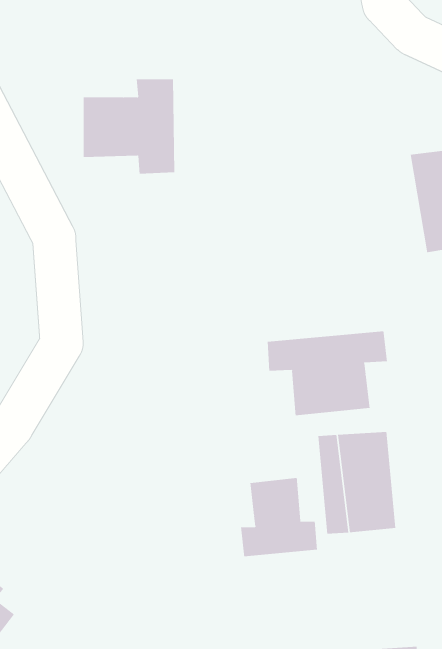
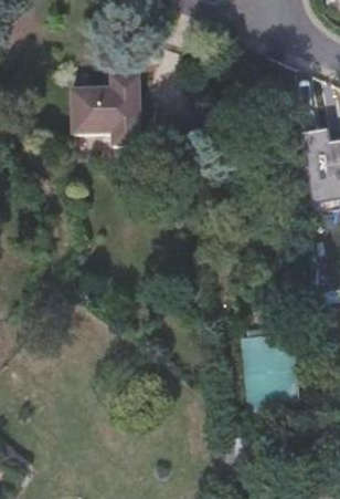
building: [267,330,387,416] -> none
building: [241,477,317,557] -> none

